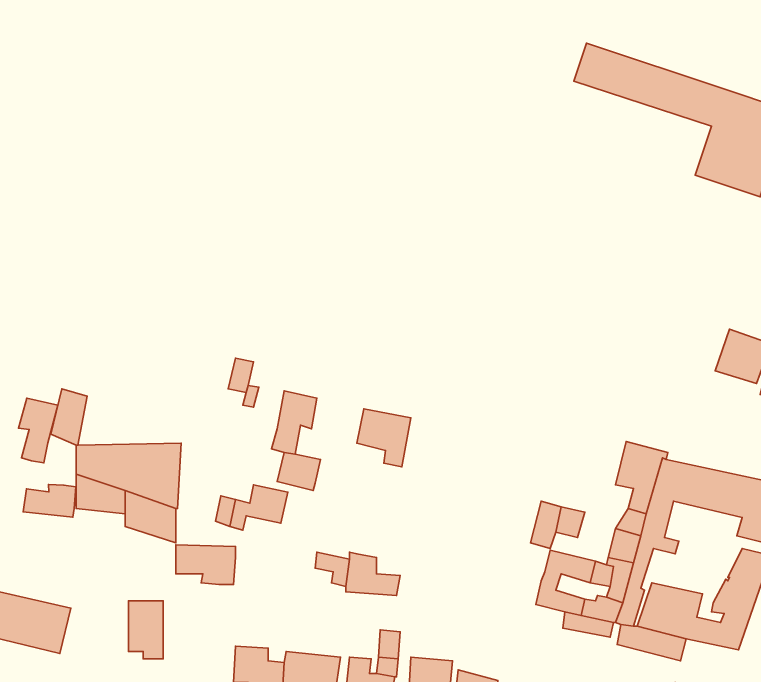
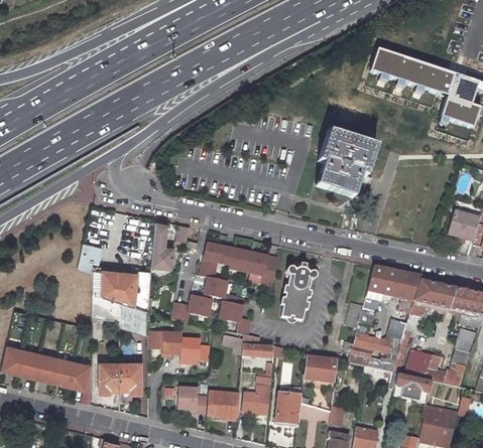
building: none -> [314,132,373,197]
building: none -> [151,221,173,265]
building: [18,398,58,463] -> none
building: none -> [223,248,252,273]
building: none -> [280,265,317,321]
building: none -> [367,267,398,297]
building: none -> [220,295,251,334]
building: [23,485,76,517] -> none
building: none -> [179,336,210,360]
building: none -> [306,357,336,383]
building: none -> [100,361,119,393]

